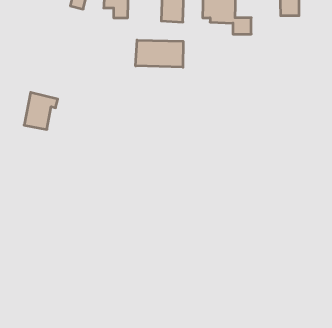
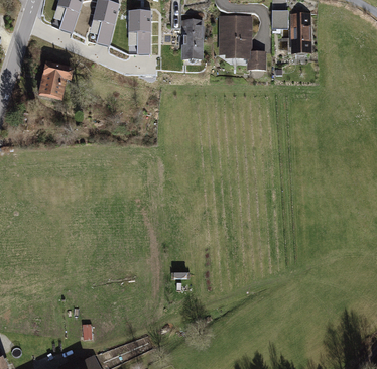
building: [136,40,183,67] -> none
building: [24,92,58,129] -> [41,64,73,98]

